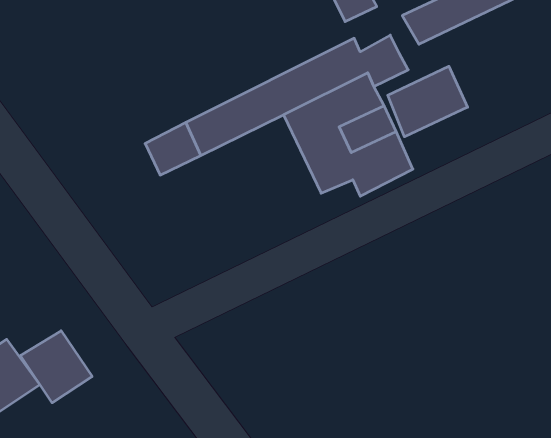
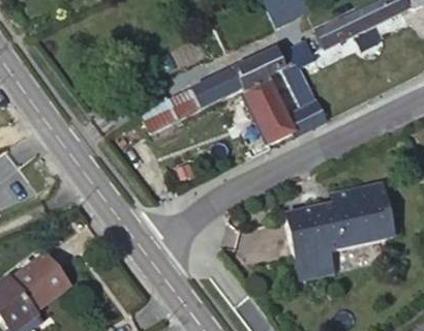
building: [388,66,468,137] -> none
building: none -> [289,182,396,277]
building: [21,331,92,403] -> none

